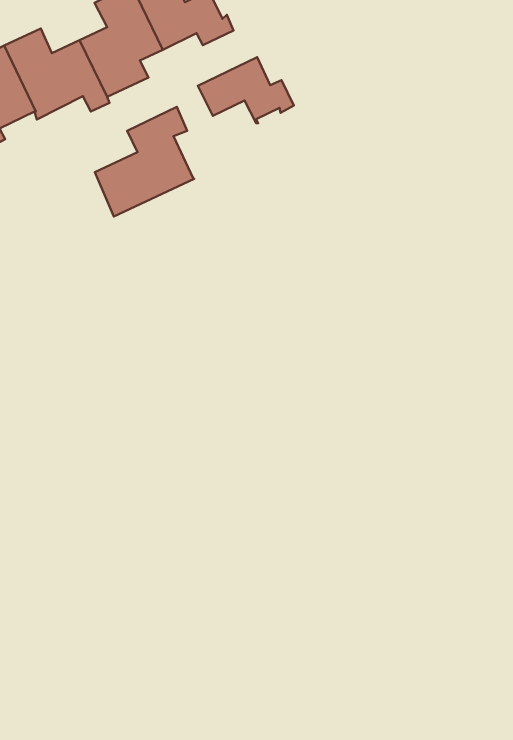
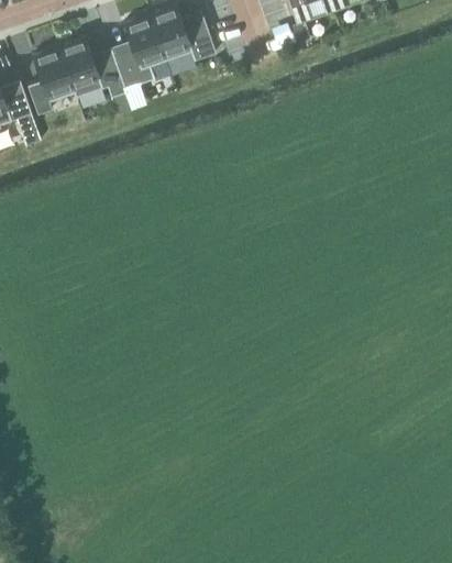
building: [198,57,294,123] -> none
building: [95,107,194,216] -> none

